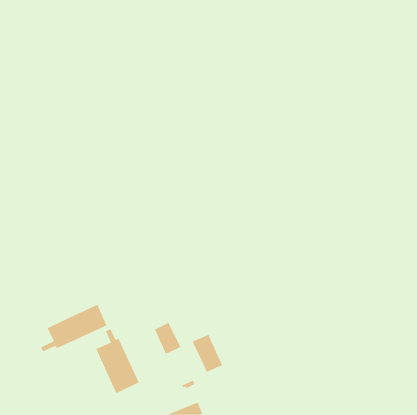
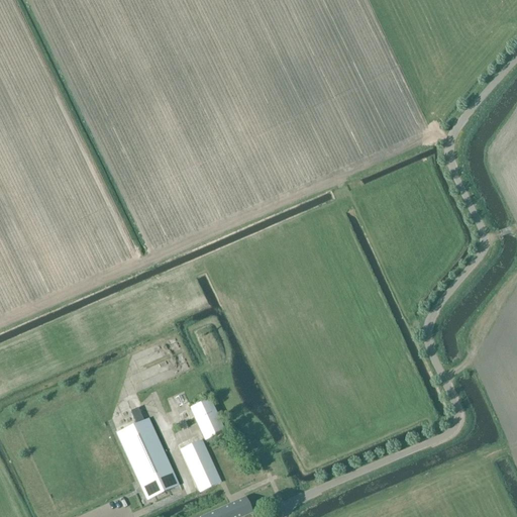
building: [40,304,107,352] -> none
building: [192,334,223,372] -> [181,440,219,488]

